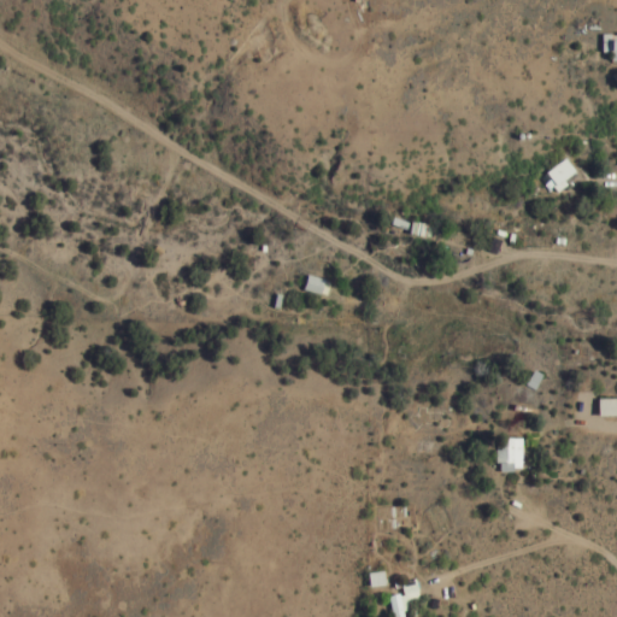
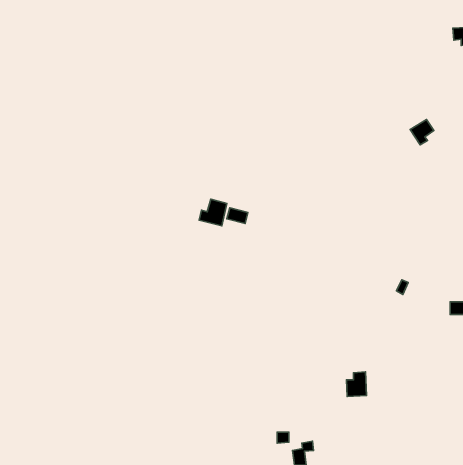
building: none -> [199,199,227,226]
building: [498,437,524,470] -> [346,372,366,396]

